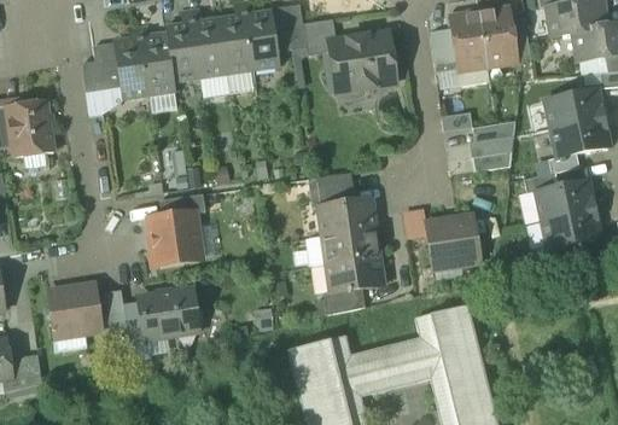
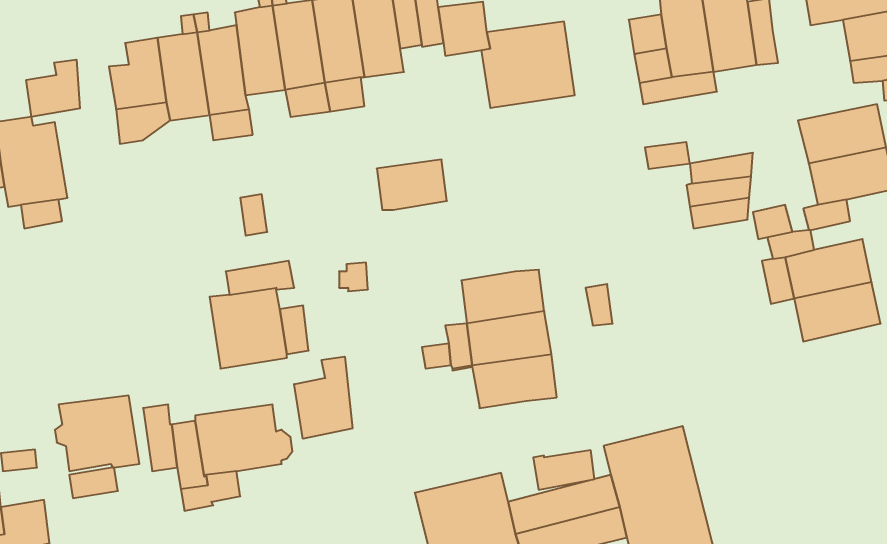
building: none -> [26,60,80,117]
building: [308,173,355,206] -> [377,160,447,210]
building: [426,215,480,266] -> none
building: none -> [294,357,352,439]
building: [323,287,365,314] -> [533,450,594,490]

